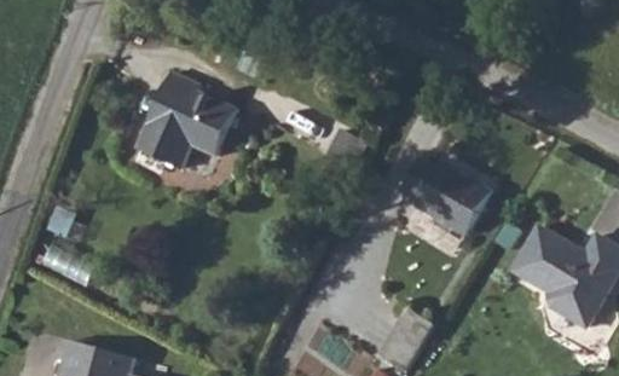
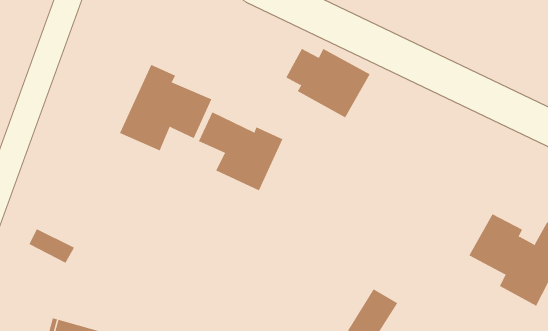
building: none -> [198,112,283,191]
building: [400,161,491,236] -> [285,48,371,118]

